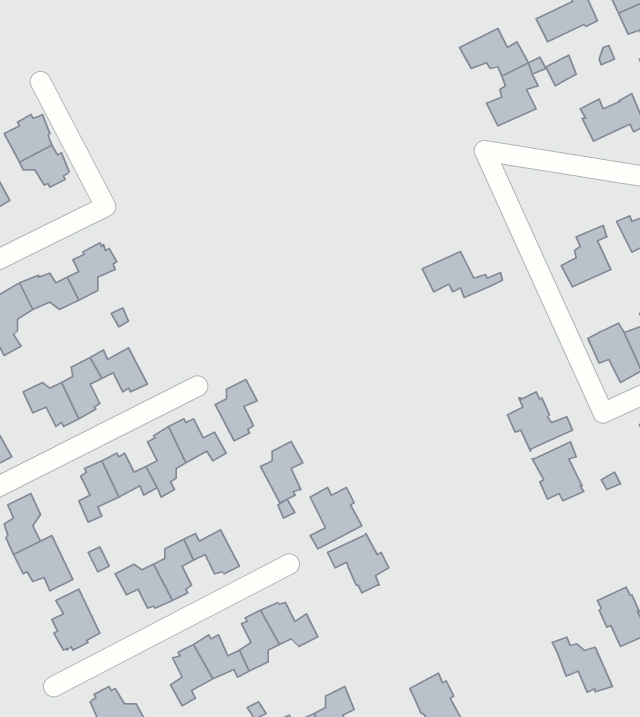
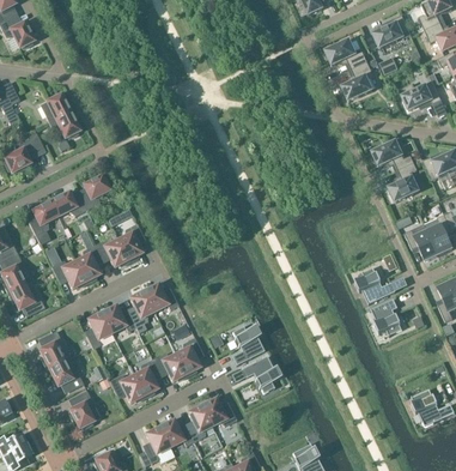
building: [422,252,503,297] -> [371,140,421,169]
building: [215,380,257,441] -> [117,223,144,261]
building: [261,442,303,503] -> [175,337,201,375]
building: [552,637,613,692] -> none

